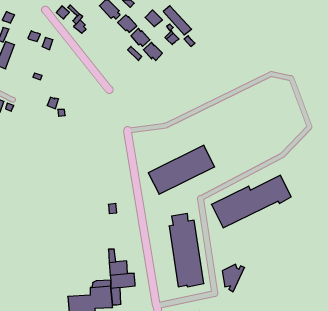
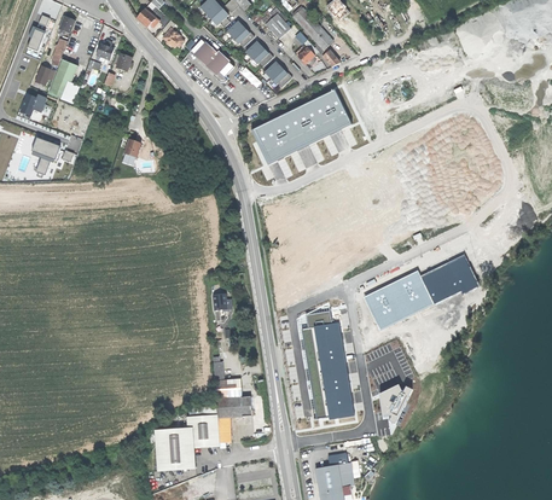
building: none -> [191,40,236,86]
building: [148,145,215,194] -> [252,87,349,158]

